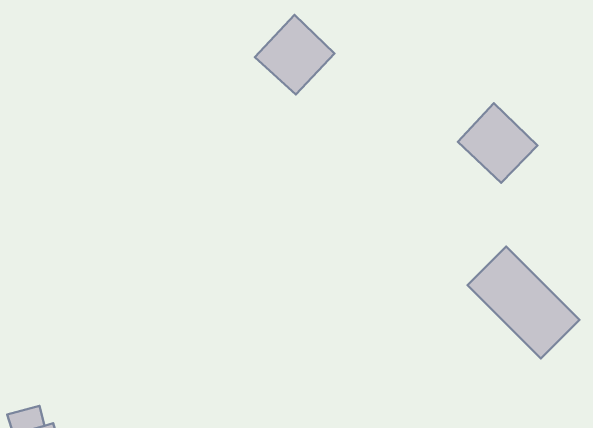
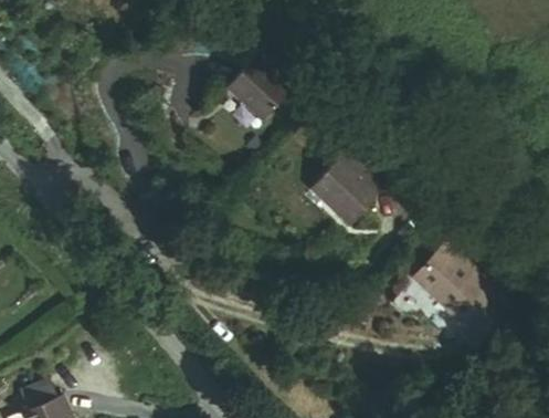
building: [458,103,537,183] -> [309,157,380,228]

